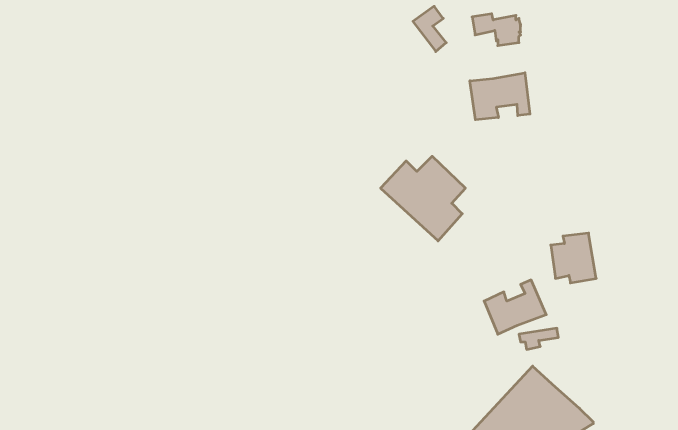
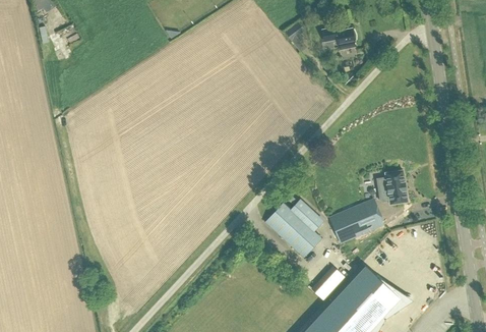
building: [470,73,530,120] -> none
building: [381,156,465,241] -> [265,200,322,257]

